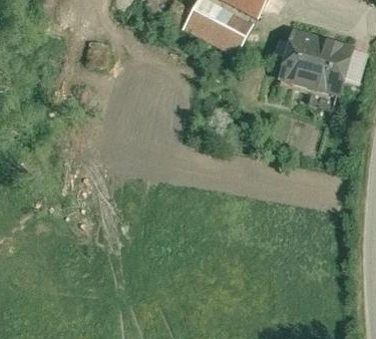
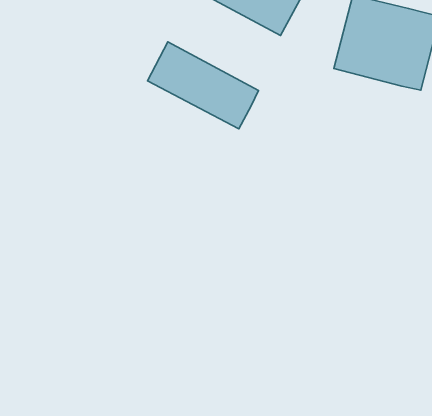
building: none -> [147,42,258,129]

